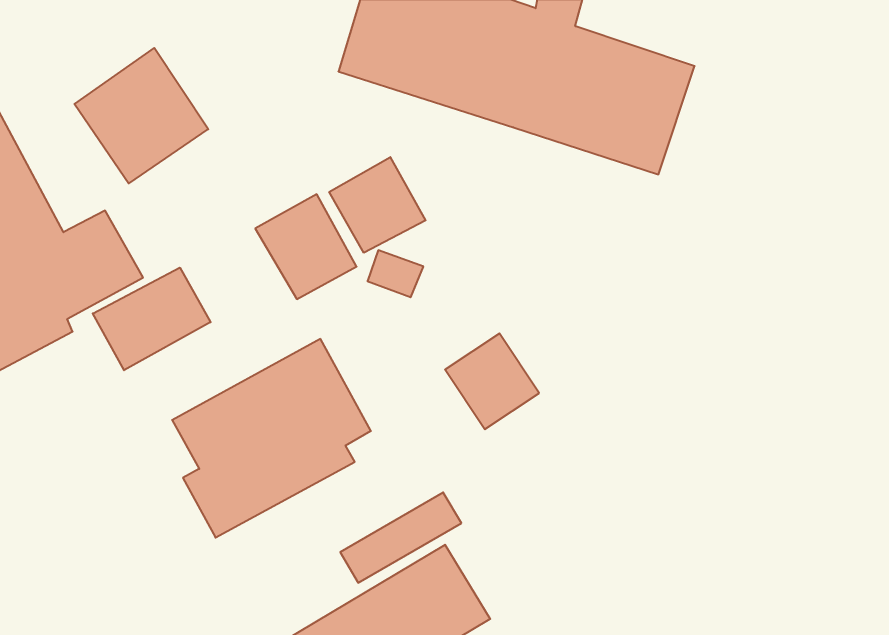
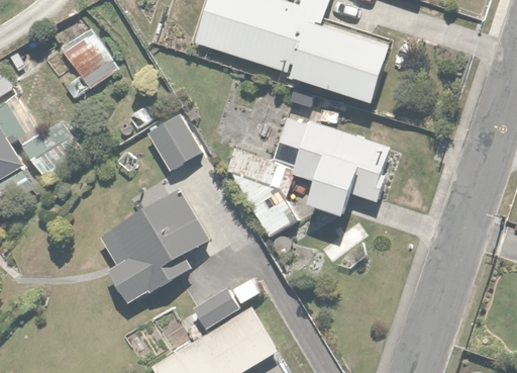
building: [329,157,426,253] -> none
building: none -> [273,114,394,217]
building: [93,268,211,370] -> none

